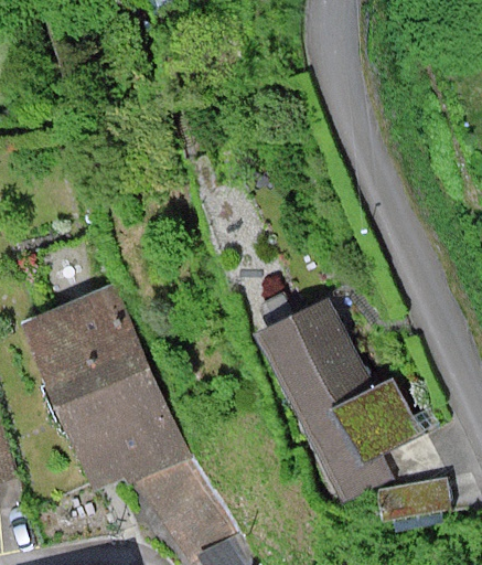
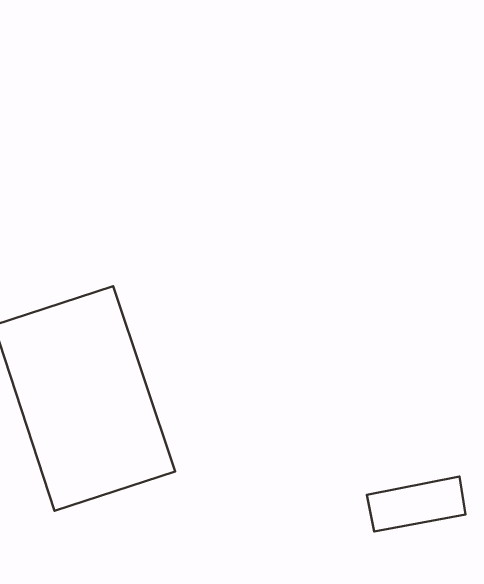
building: [259,292,405,482] -> none

